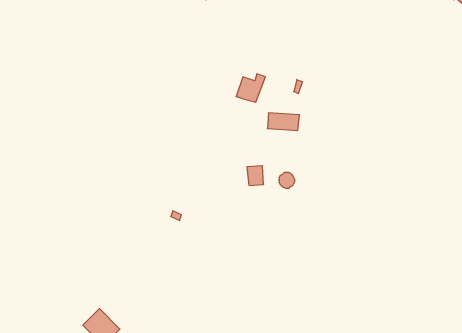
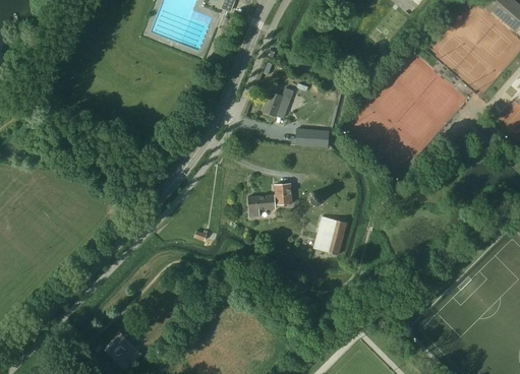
building: none -> [248,195,276,216]
building: none -> [313,216,347,254]

